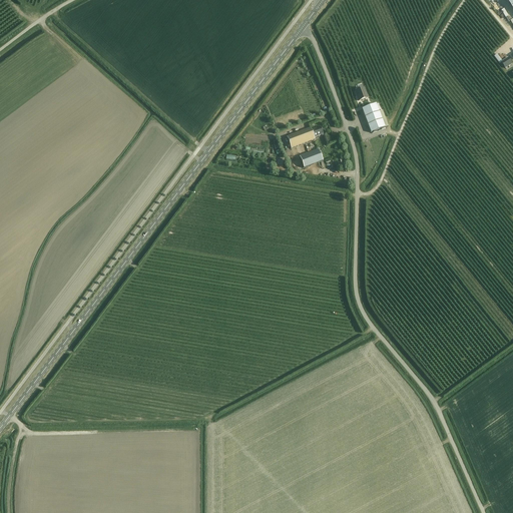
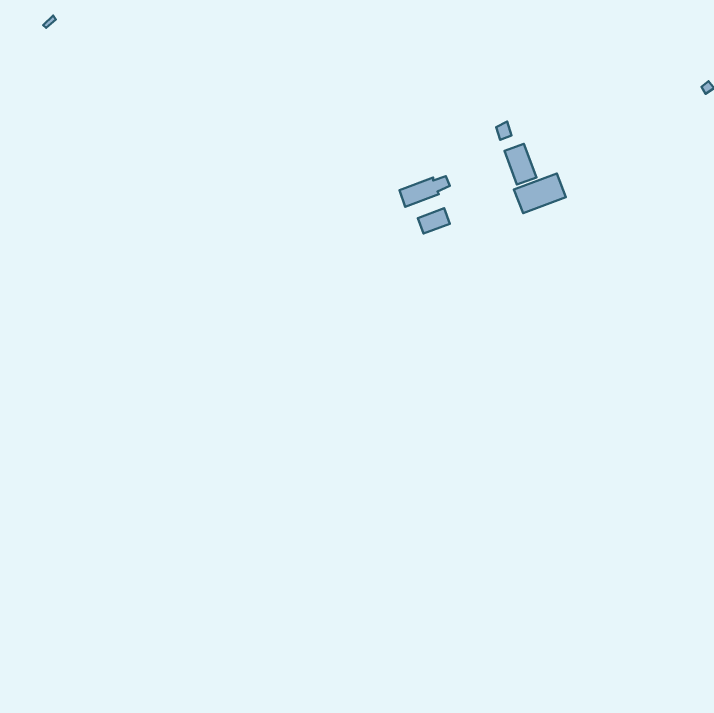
building: none -> [514,174,566,213]

